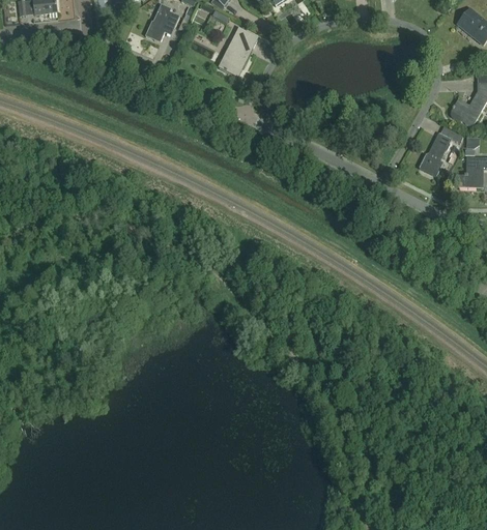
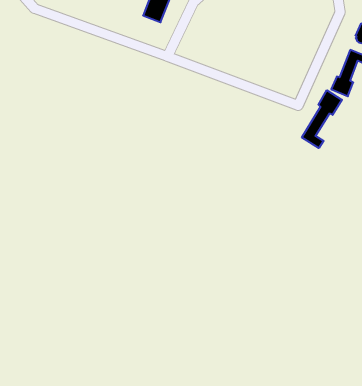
building: none -> [302,90,342,148]

